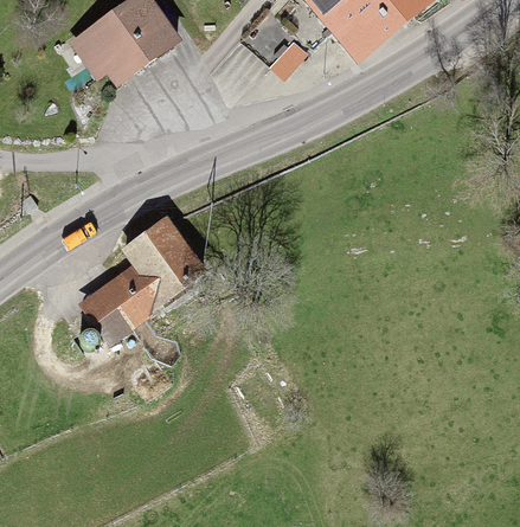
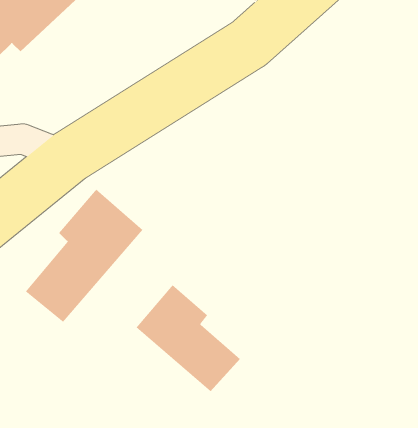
building: none -> [136,284,241,392]

